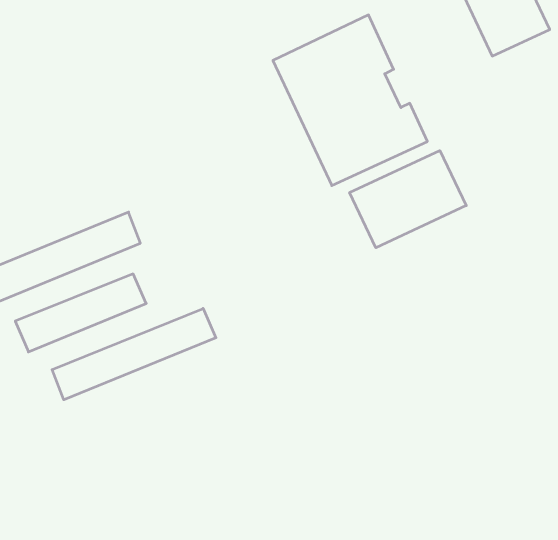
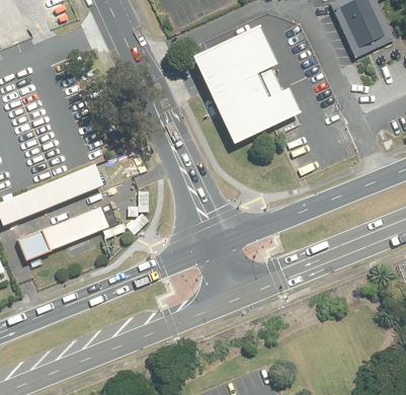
building: [350,151,466,248] -> none
building: [52,308,216,400] -> none

